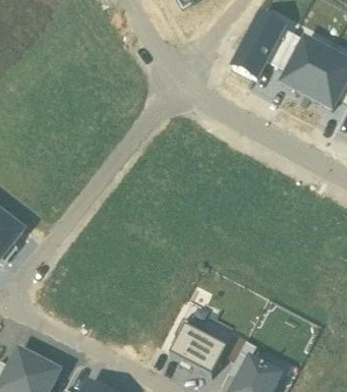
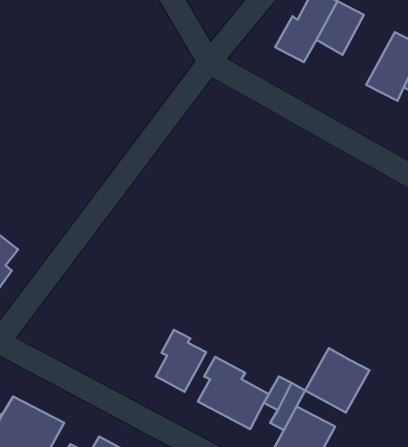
building: [283,36,331,93] -> none
building: none -> [156,330,206,392]
building: none -> [305,348,369,412]

